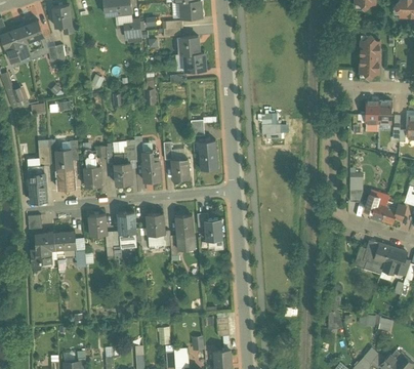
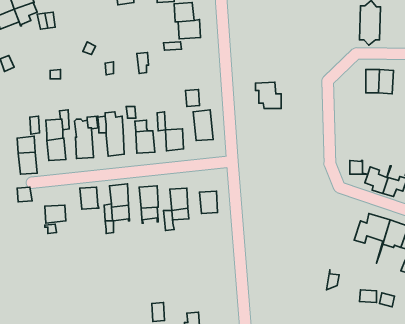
building: [35,233,55,262] -> none

